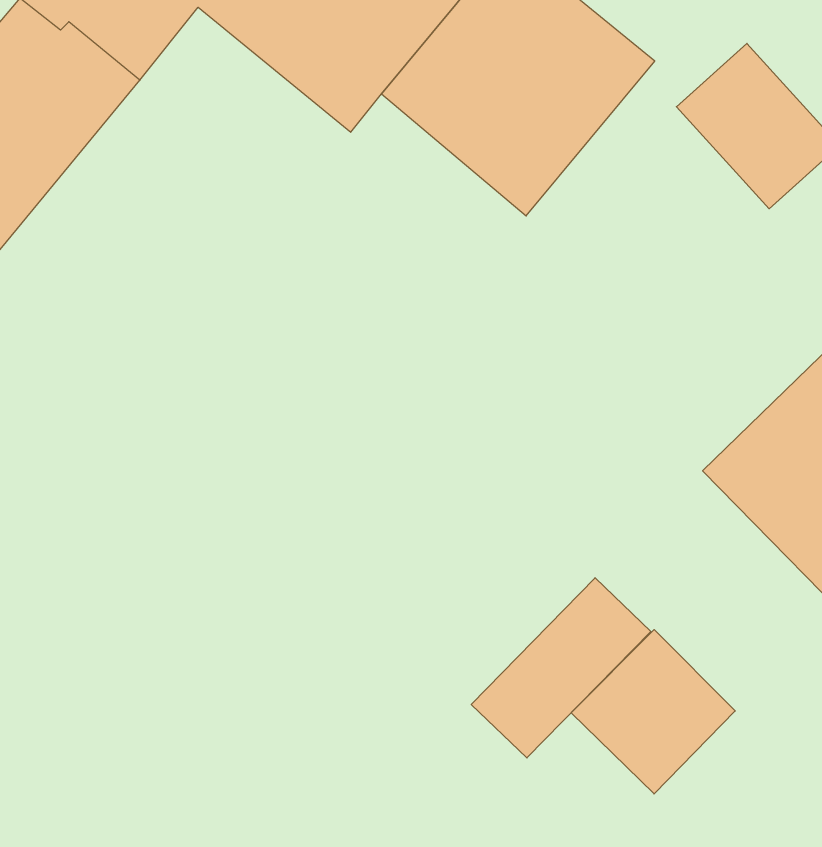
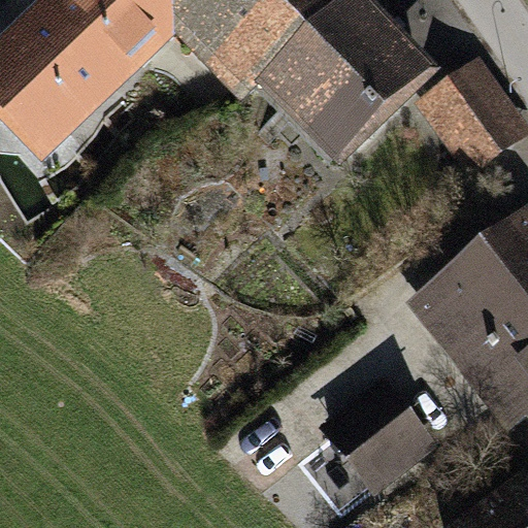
building: [471,578,651,758] -> none

